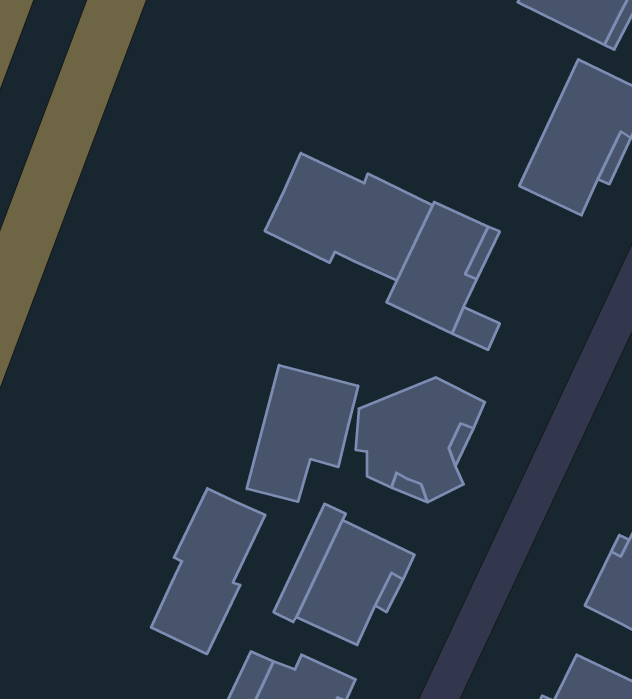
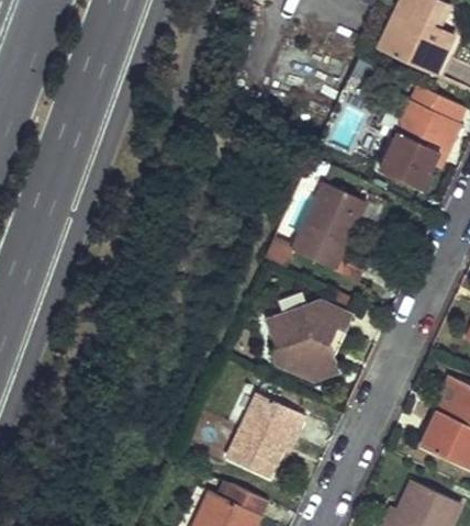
building: [265,153,433,281] -> none
building: [247,365,358,502] -> none
building: [151,488,265,654] -> none

